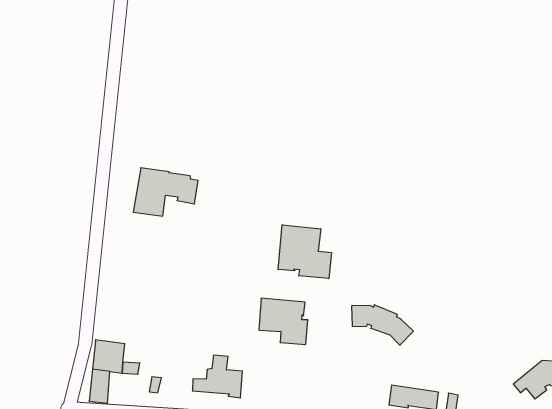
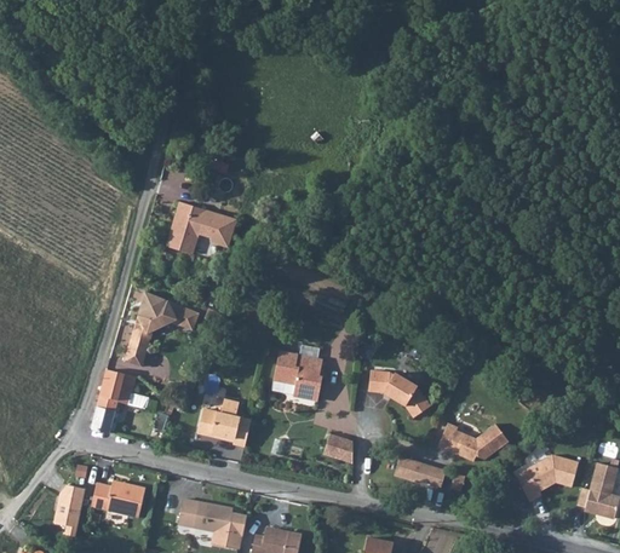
building: [278,225,331,279] -> none
building: none -> [124,300,200,365]
building: none -> [436,424,506,461]
building: none -> [321,436,351,466]

